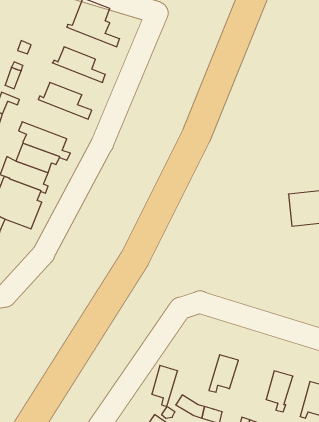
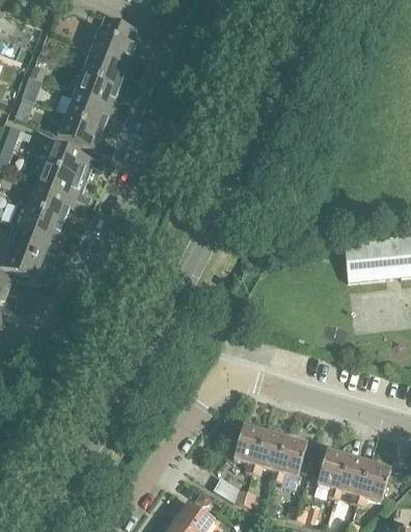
building: none -> [83,49,144,86]
building: none -> [66,90,128,128]
building: none -> [34,137,103,179]
building: none -> [271,436,307,480]
building: [152,366,178,407] -> [234,424,264,472]
building: none -> [338,455,368,502]

